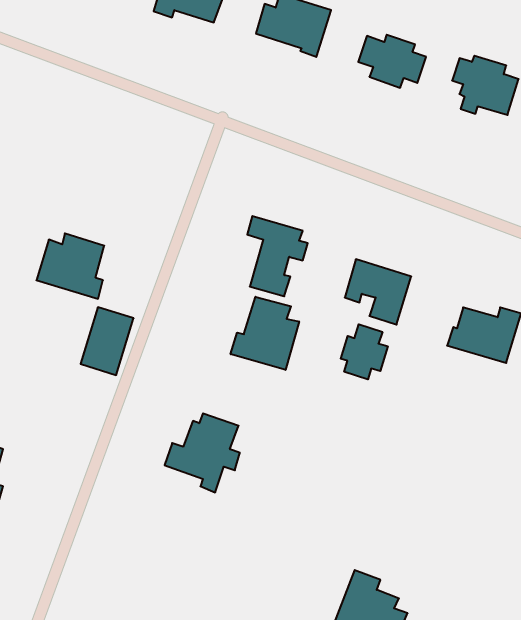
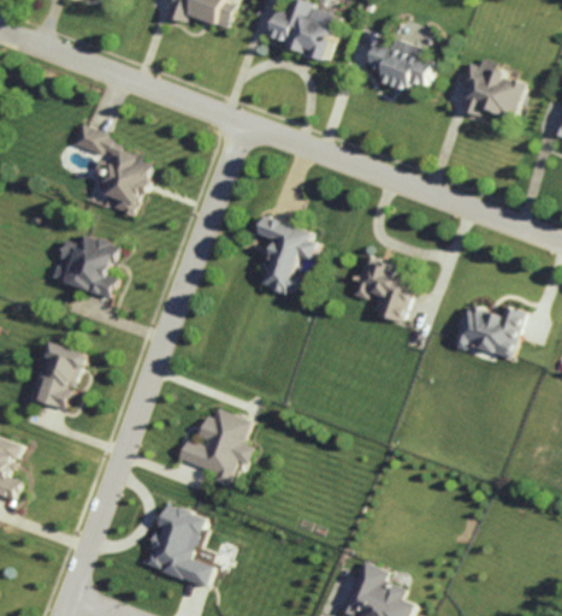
building: none -> [72,131,155,217]
building: [231,297,299,370] -> none
building: [81,307,134,375] -> [32,342,84,408]
building: [341,324,388,379] -> none
building: none -> [144,504,215,587]

